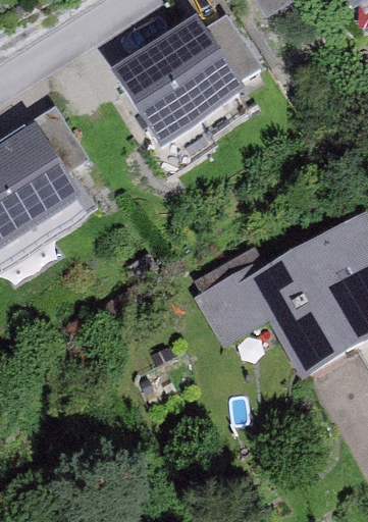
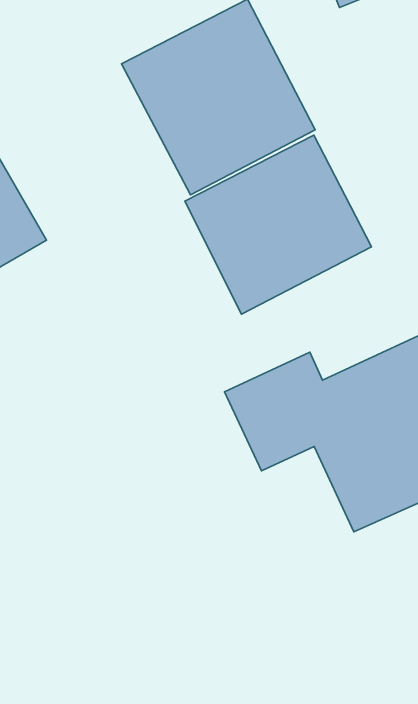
building: none -> [185,135,372,314]

